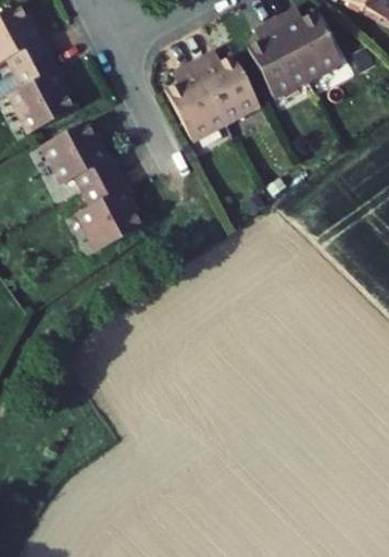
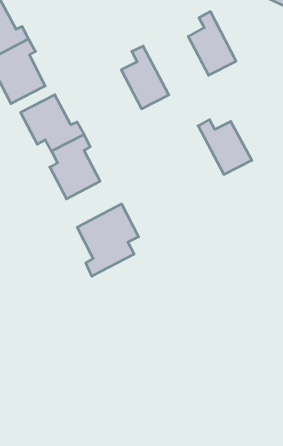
building: [275,13,340,82] -> none
building: [192,55,259,123] -> [198,120,252,174]
building: none -> [77,204,139,276]

